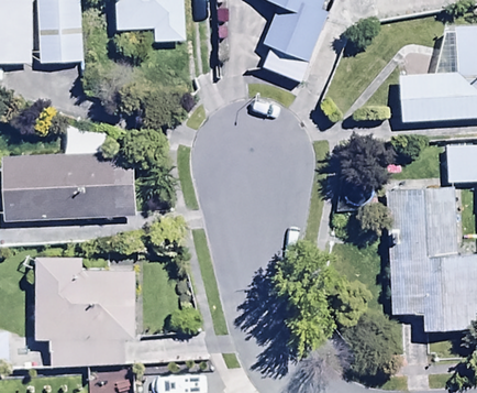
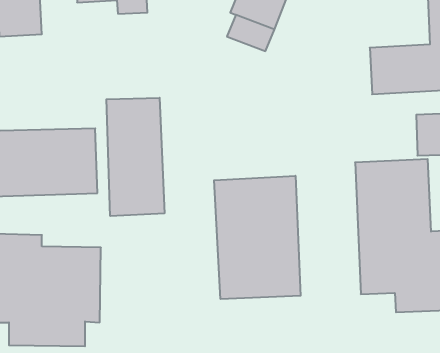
building: none -> [106,98,164,216]
building: none -> [214,176,301,299]

